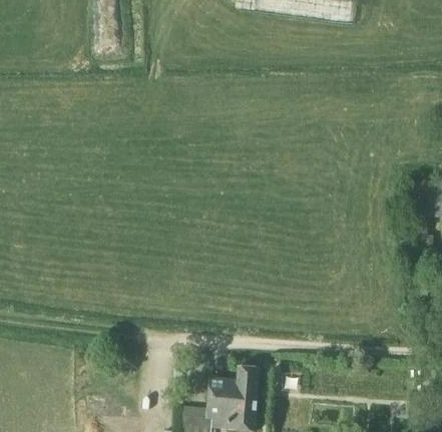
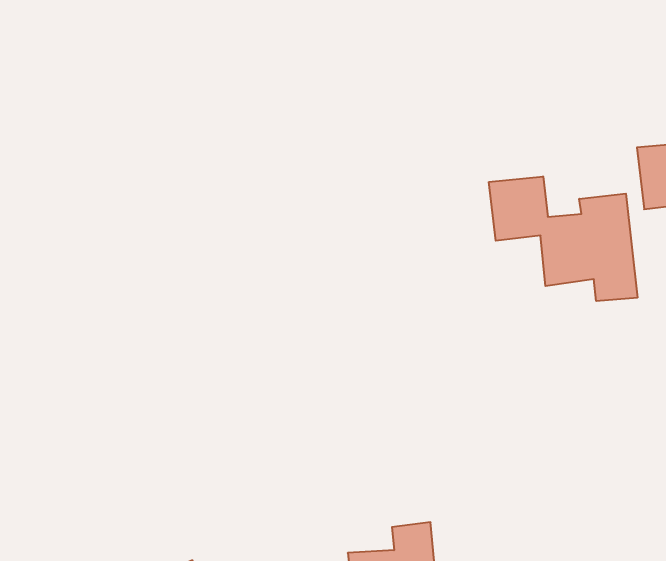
building: none -> [489,176,637,301]

